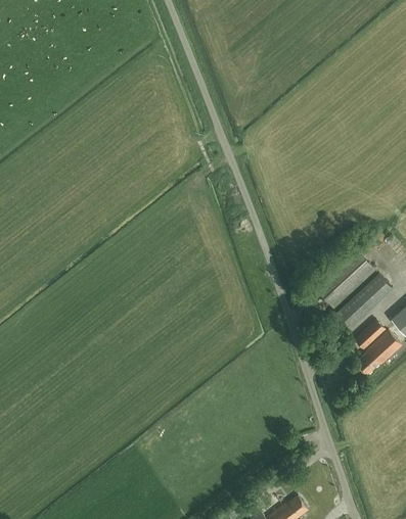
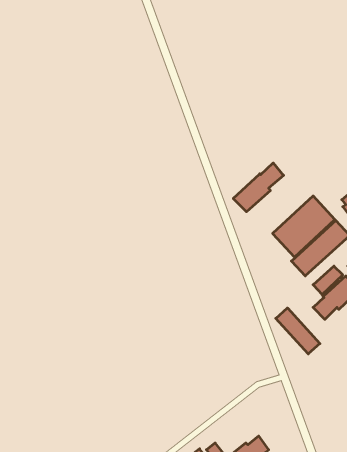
building: none -> [233,163,284,212]
building: none -> [276,308,320,354]

